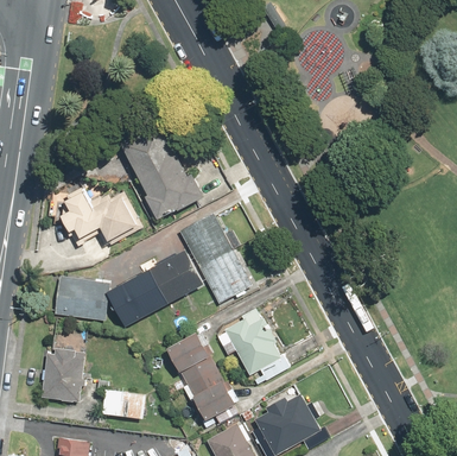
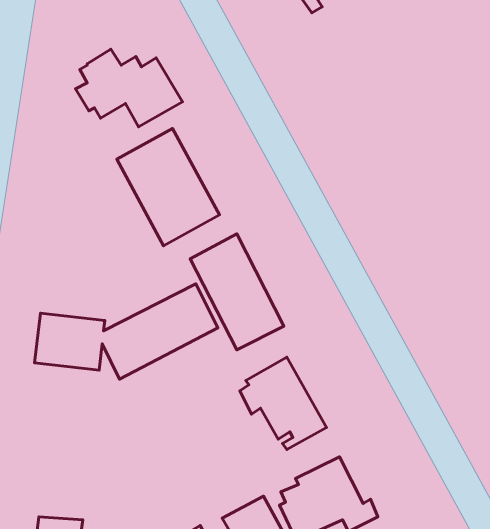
building: [58,184,145,247] -> [76,49,183,127]
building: [165,332,240,430] -> none
building: [40,346,85,405] -> none
building: [102,390,146,418] -> none

